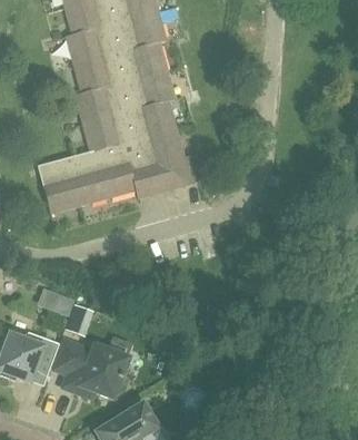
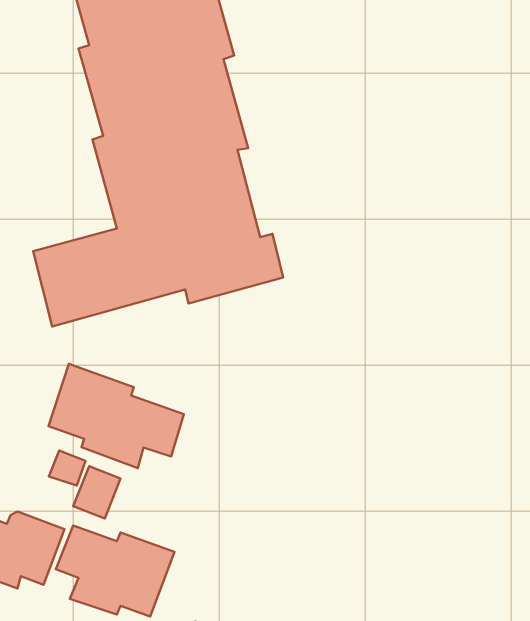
building: none -> [49,364,184,468]

